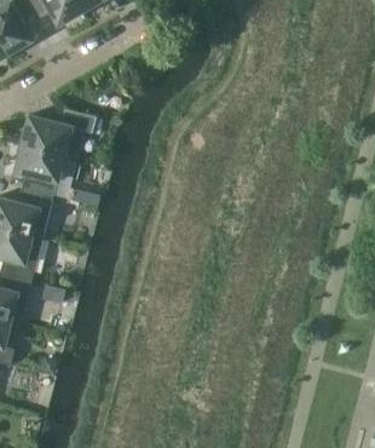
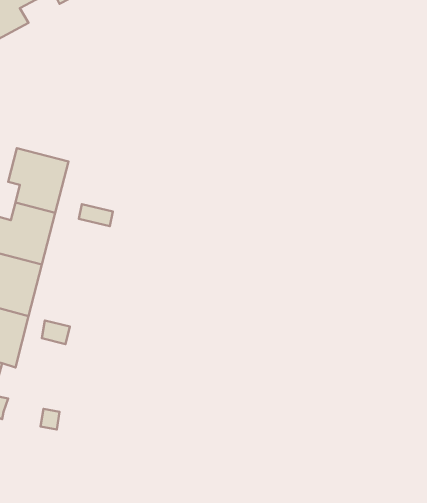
building: [22,109,96,154] -> none

